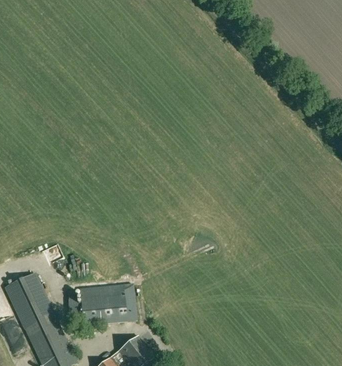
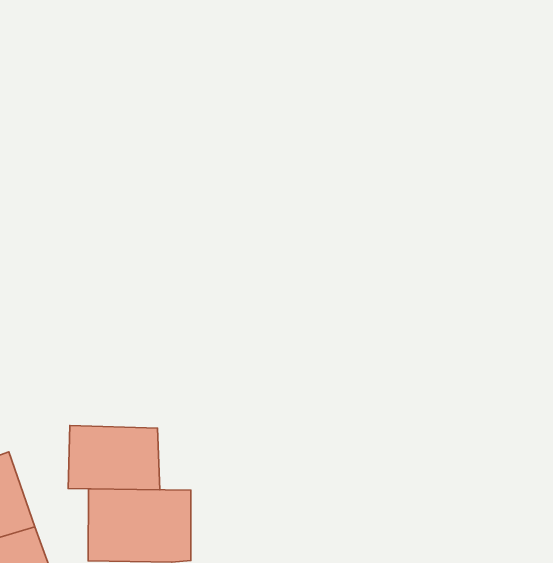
building: none -> [68,425,160,490]

